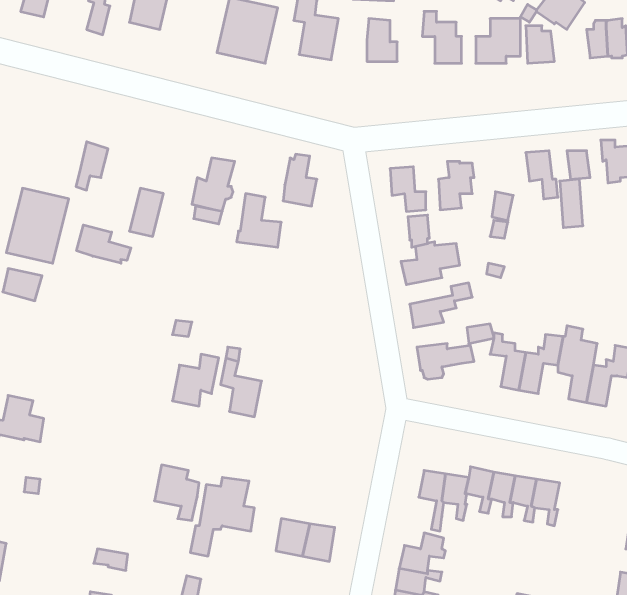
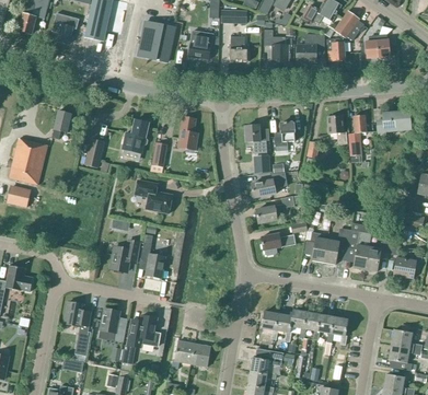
building: [77,225,131,263] -> none
building: none -> [135,179,172,213]
building: none -> [63,301,91,335]

